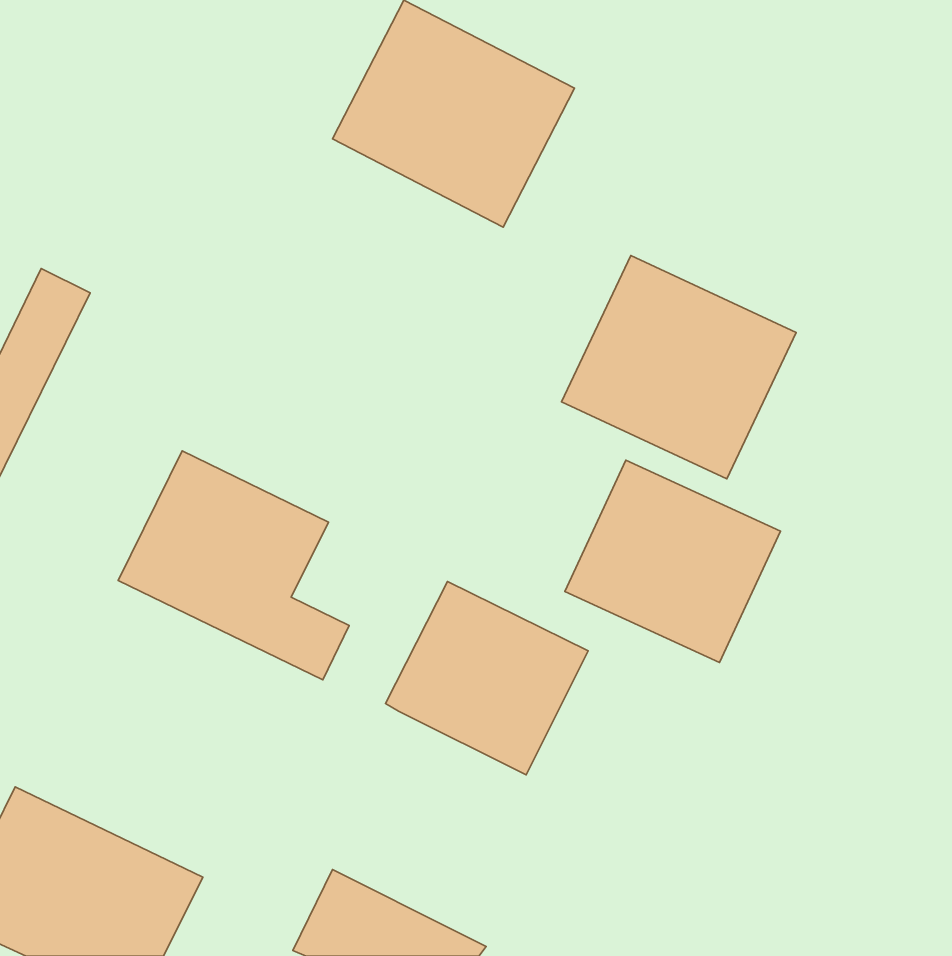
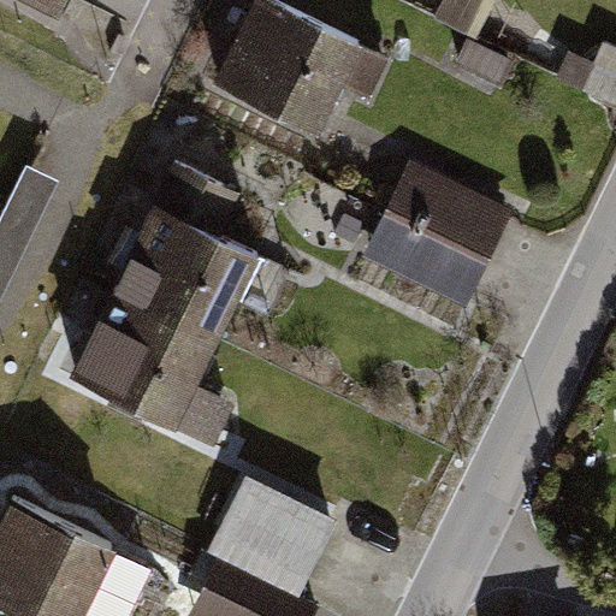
building: none -> [117,167,250,334]
building: [565,460,781,662] -> none
building: [385,581,588,775] -> [205,474,334,598]

